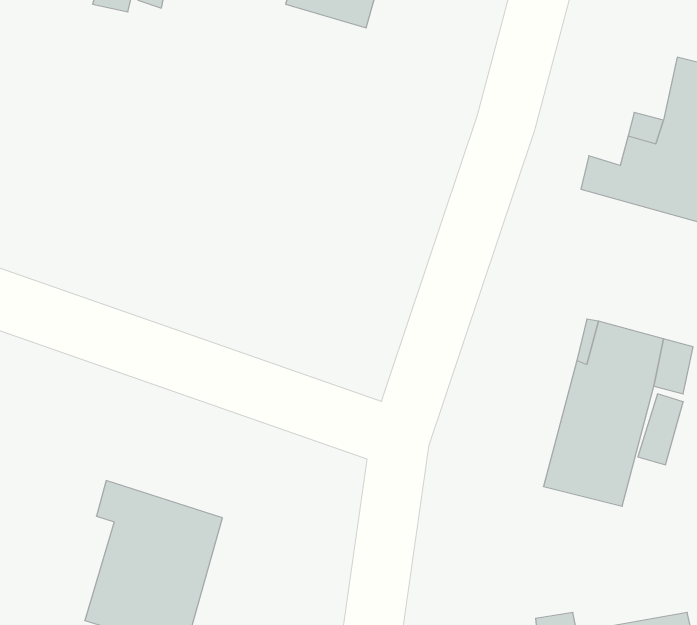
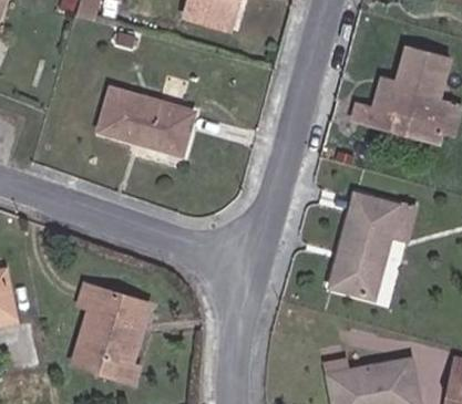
building: none -> [99,87,193,154]

